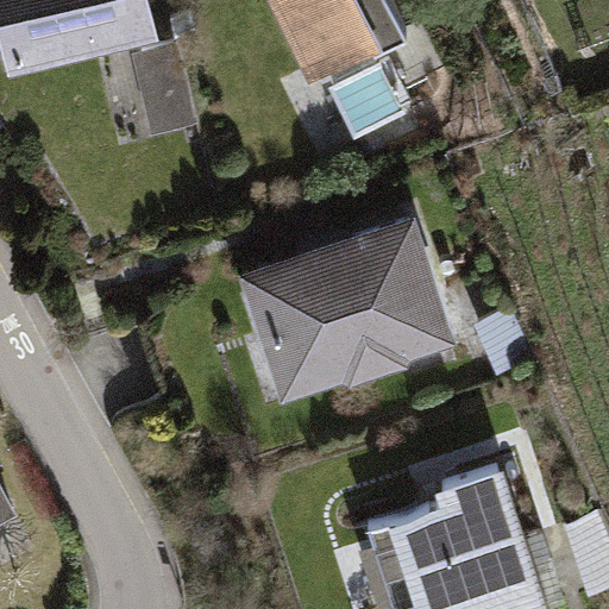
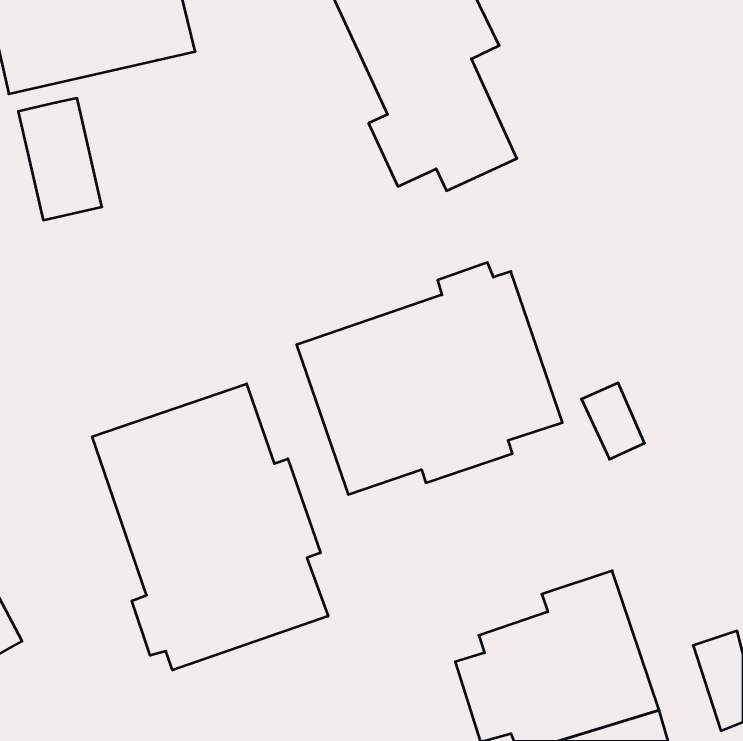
building: [127,38,195,137] -> [18,98,102,220]
building: none -> [92,384,328,670]

